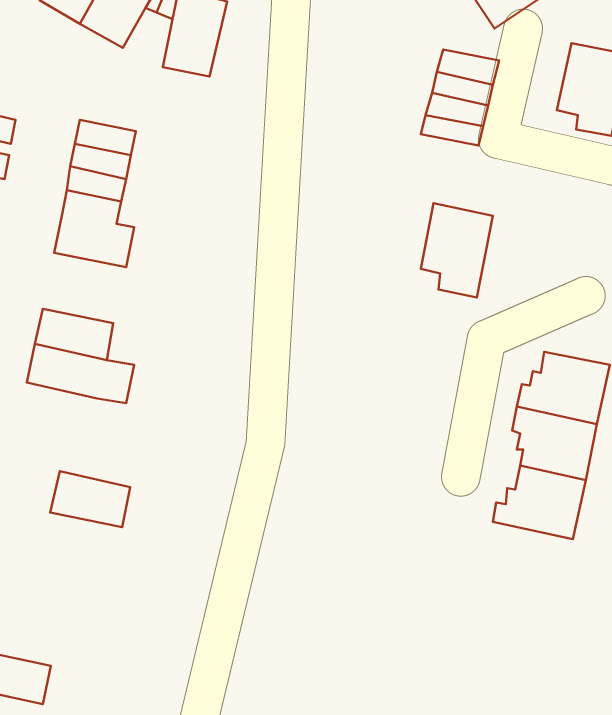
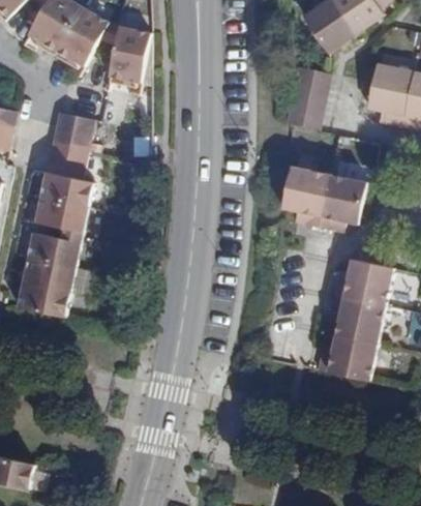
building: none -> [313,174,363,232]
building: none -> [35,198,87,231]
building: [50,471,130,527] -> [17,281,68,318]

